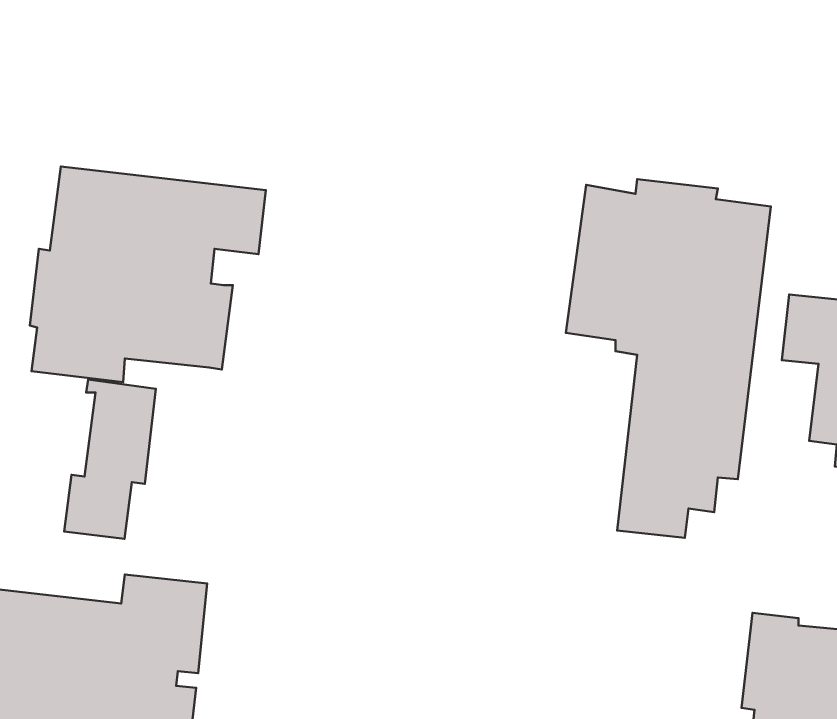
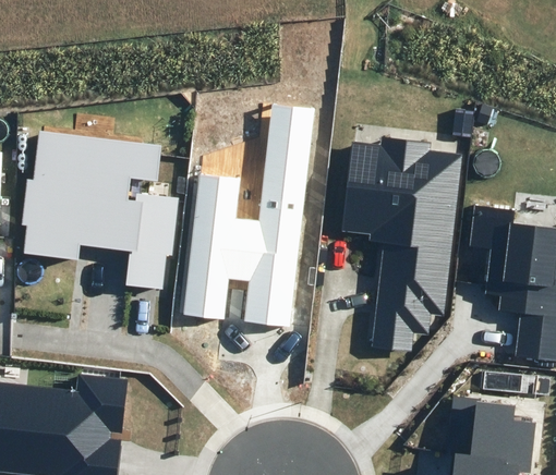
building: none -> [181,105,315,327]
building: [64,380,156,539] -> [124,194,179,289]

